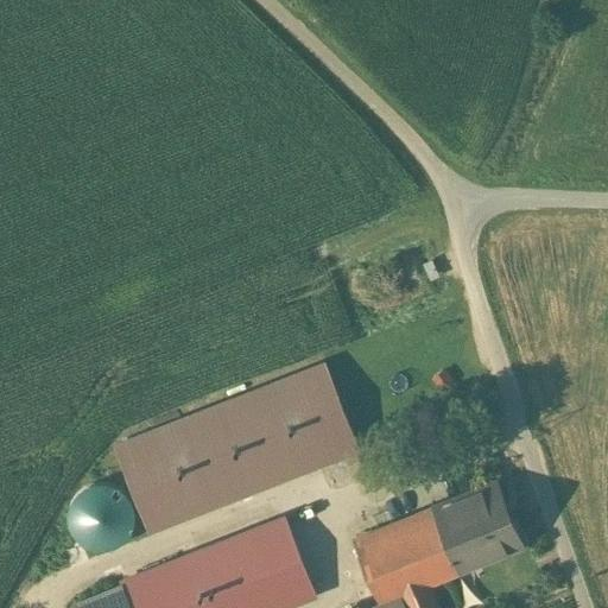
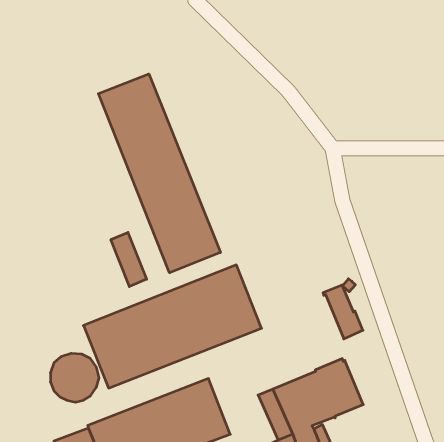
building: none -> [98,74,220,273]
building: none -> [111,232,147,287]
building: [468,482,522,556] -> [323,285,363,339]

